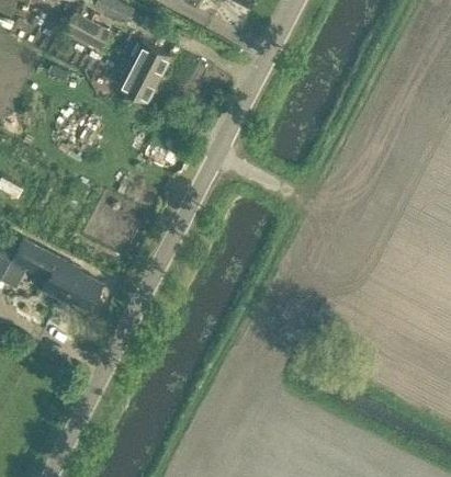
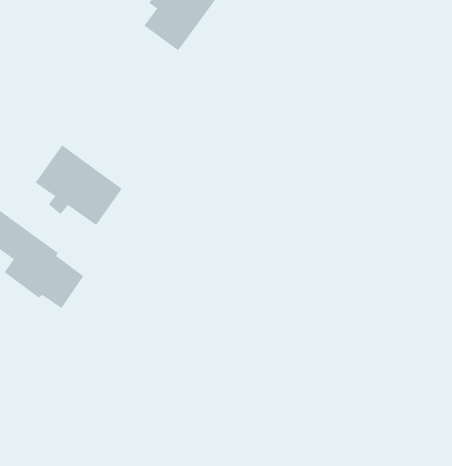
building: none -> [35,145,122,226]

